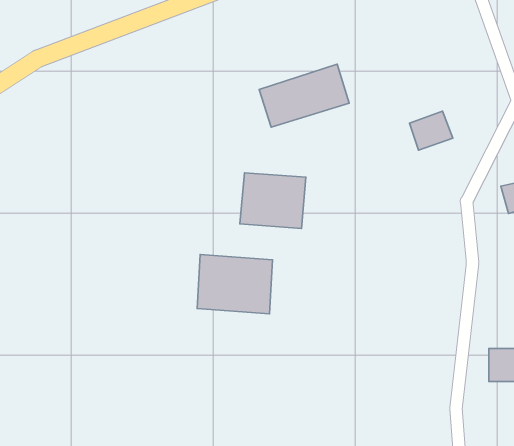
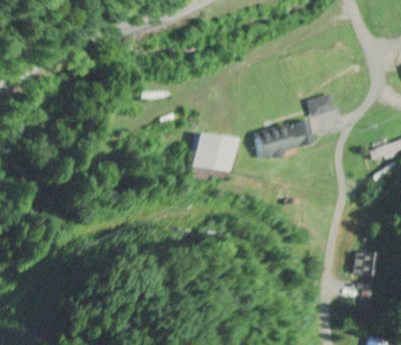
building: [259,64,349,127] -> [253,117,313,159]
building: [197,255,273,314] -> none

